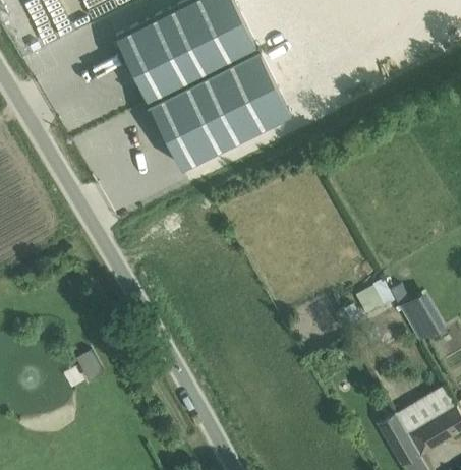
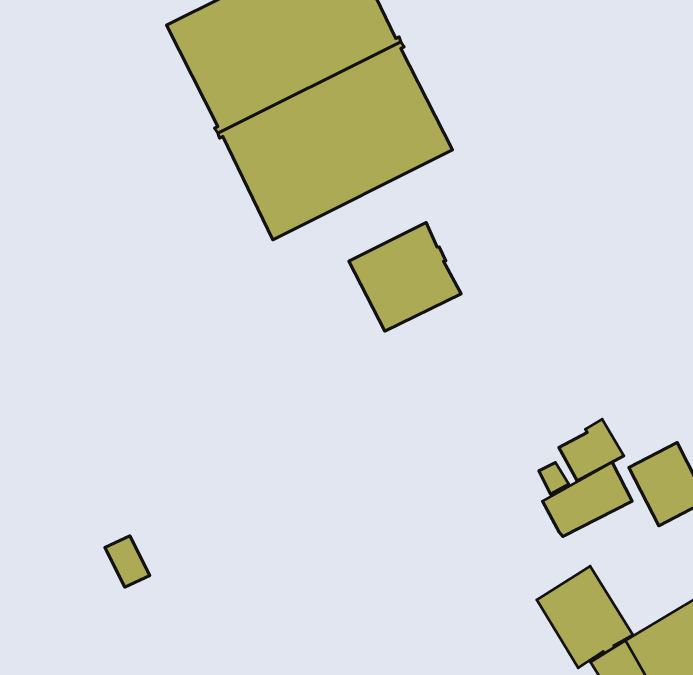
building: none -> [349,223,461,331]
building: none -> [543,462,632,536]
building: none -> [537,566,633,668]

